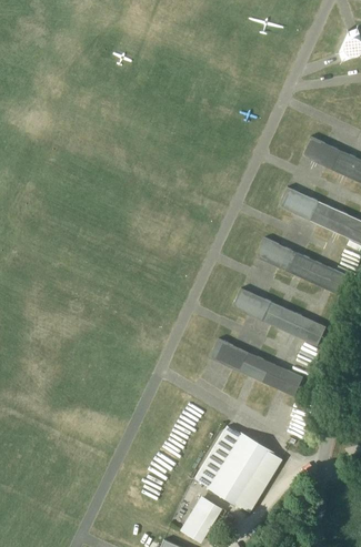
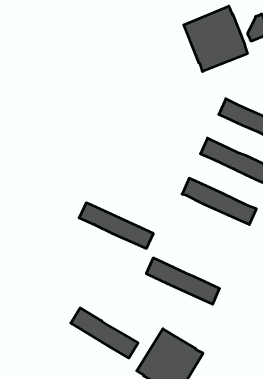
building: none -> [184,6,247,72]
building: [231,287,325,345] -> [79,203,153,248]
building: none -> [71,308,138,358]

